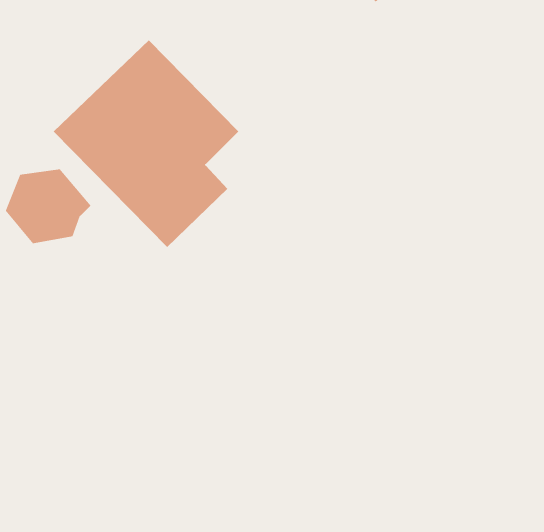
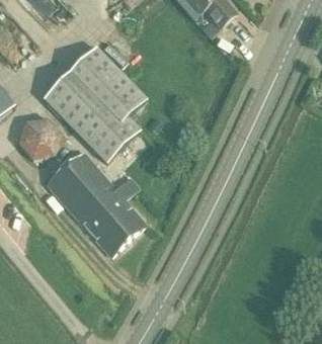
building: none -> [47,150,146,254]

